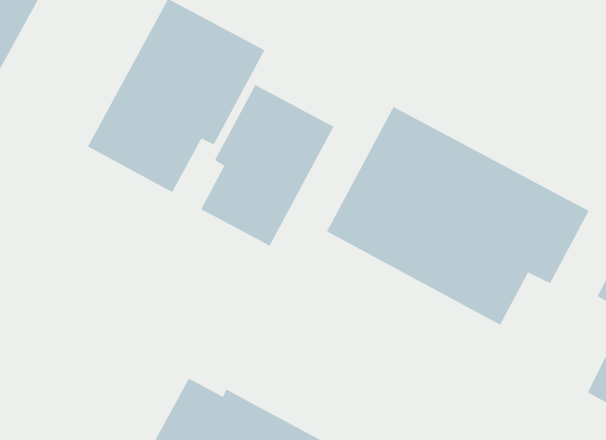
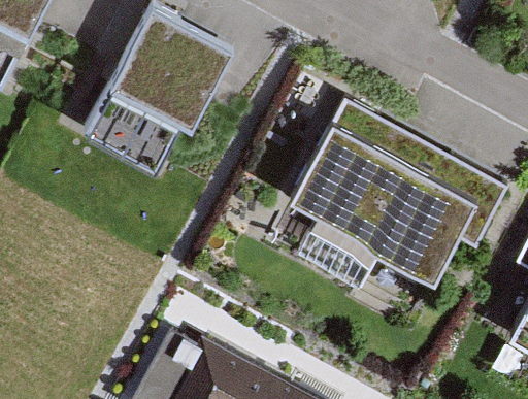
building: [201,84,334,246] -> none

